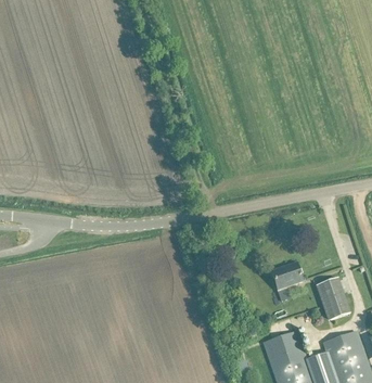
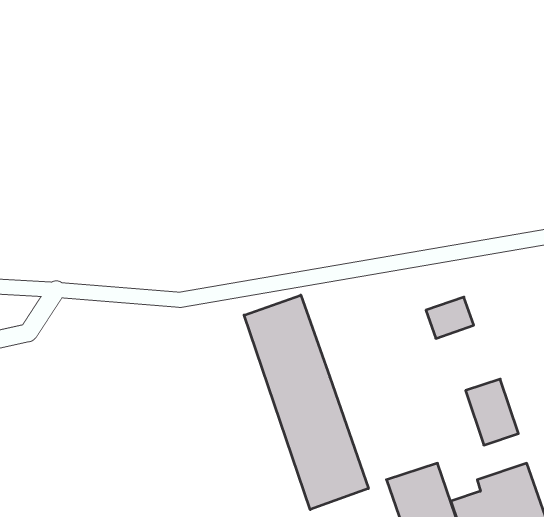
building: none -> [244,295,368,510]
building: [271,261,303,289] -> [426,297,474,338]

